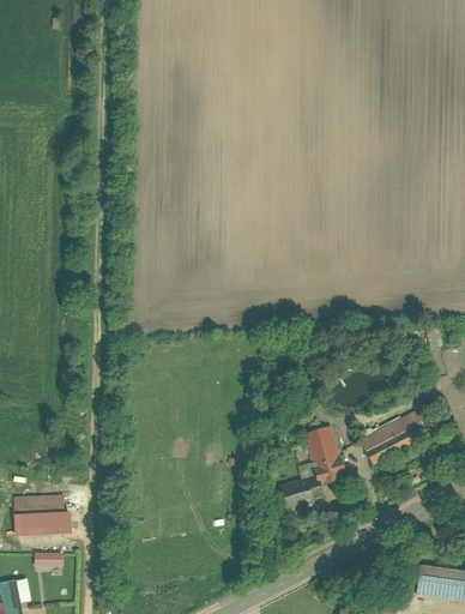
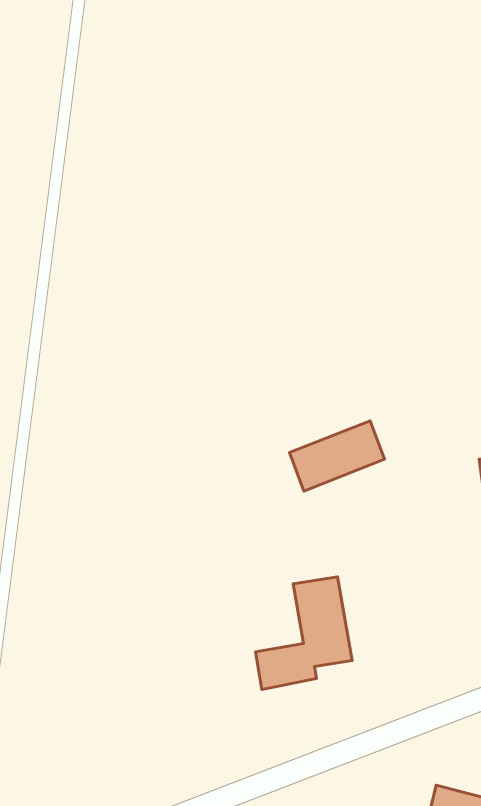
building: [360,410,428,465] -> [289,421,384,491]

